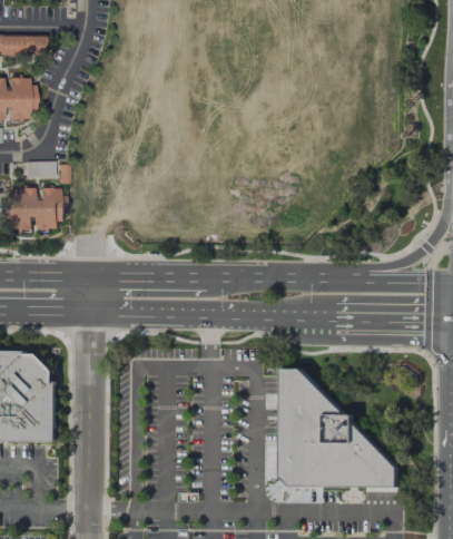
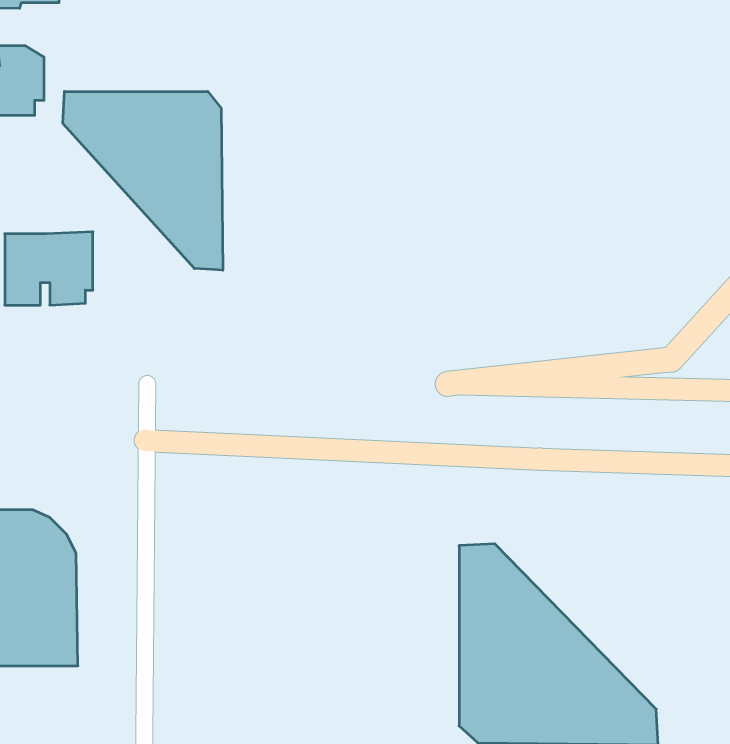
building: none -> [63,91,223,270]
building: [23,161,53,177] -> none

